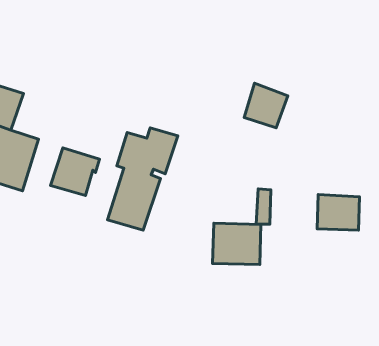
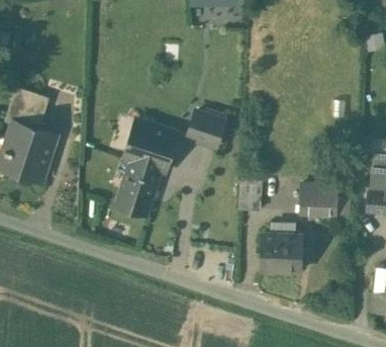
building: [244,83,288,128] -> [190,105,228,145]
building: [50,148,99,196] -> none
building: [213,223,261,265] -> [260,237,302,273]

